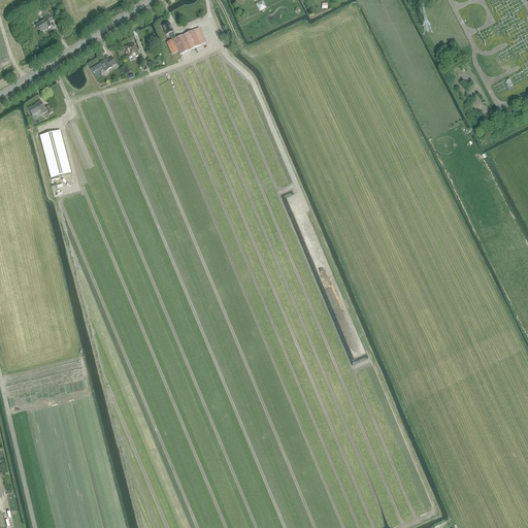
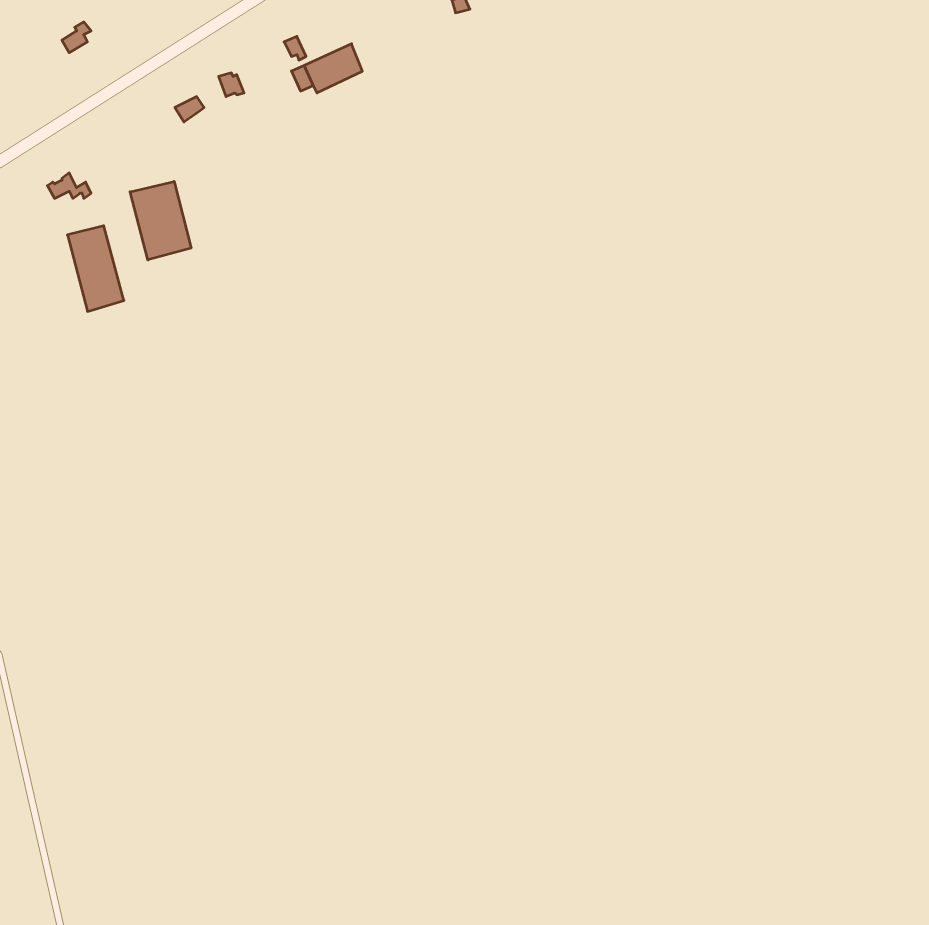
building: none -> [130,181,191,260]

